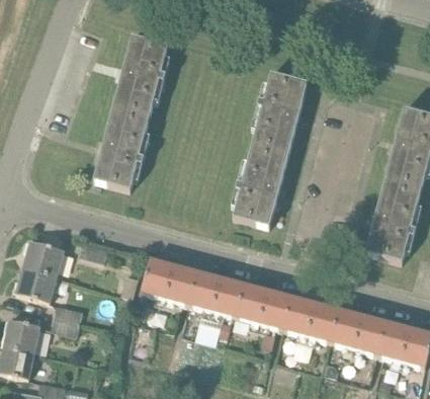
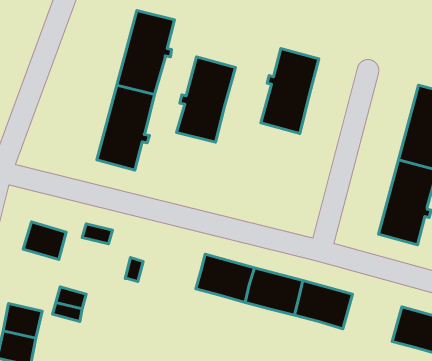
building: [233,144,289,226] -> [177,57,235,142]
building: [142,258,198,304] -> none
building: [16,265,58,301] -> none
building: [331,309,388,354] -> none

